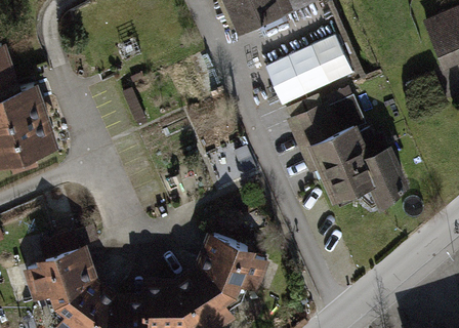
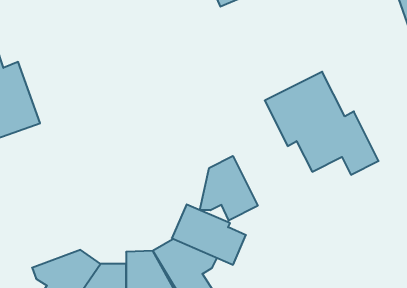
building: [267,39,356,110] -> none
building: none -> [200,156,258,221]
building: [27,244,98,301] -> none

